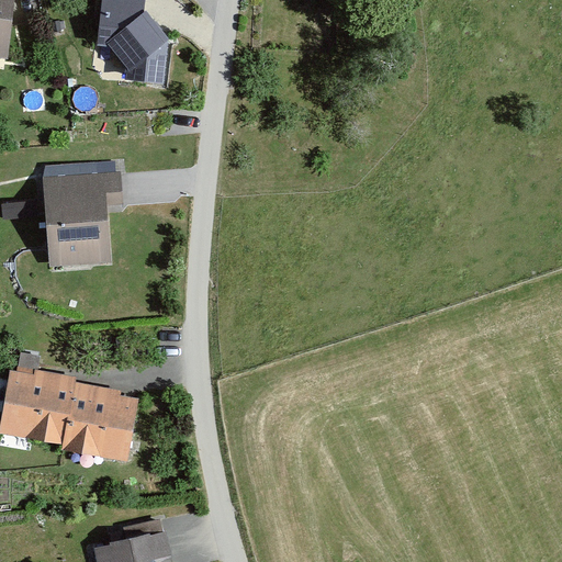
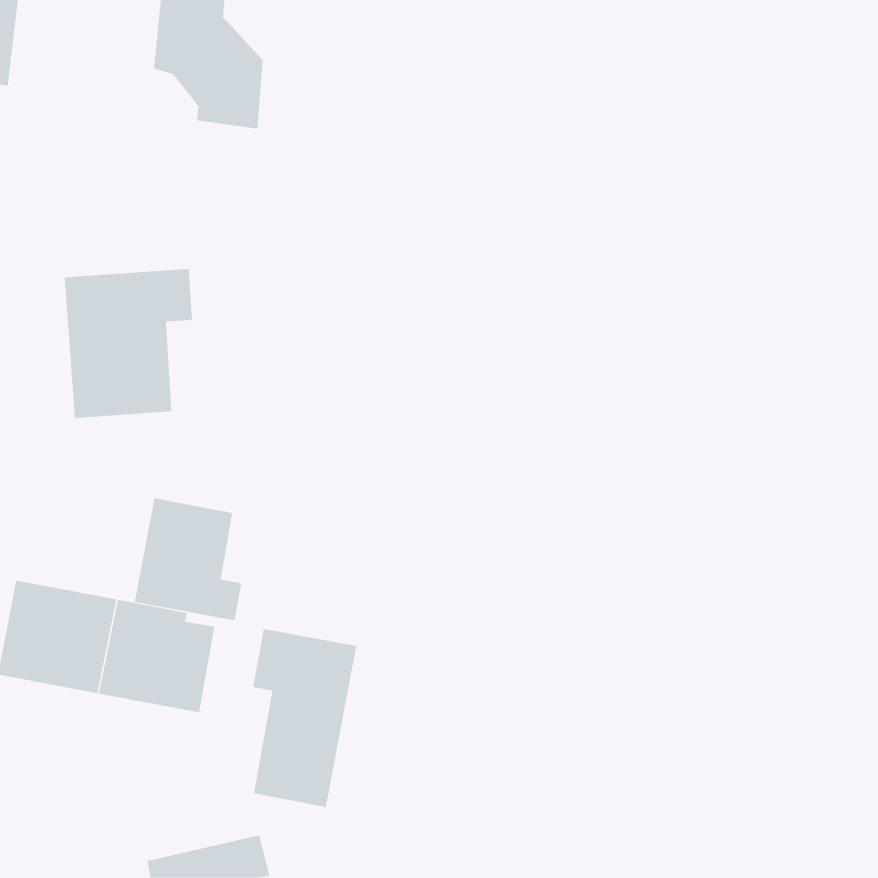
building: none -> [134,498,242,621]
building: none -> [253,628,357,808]

